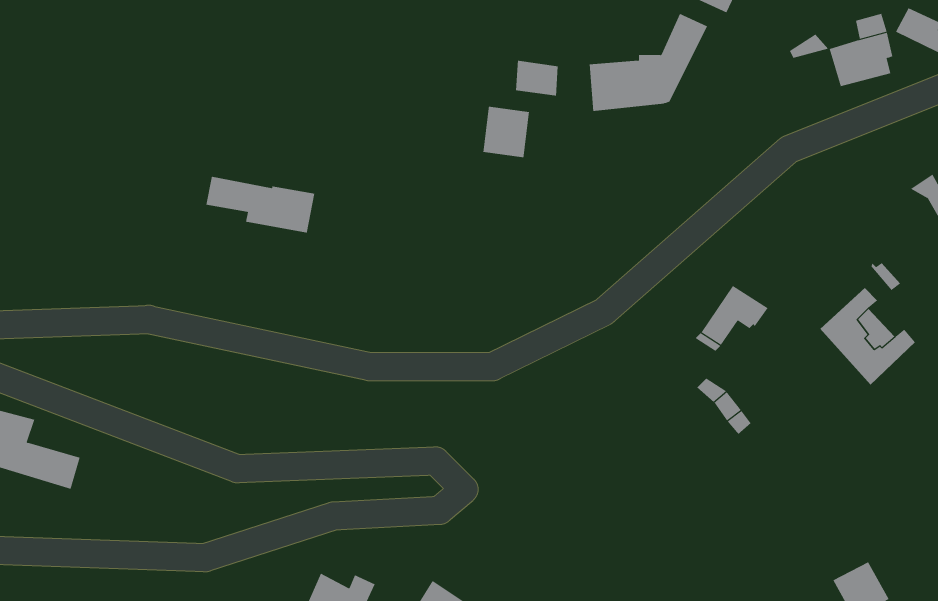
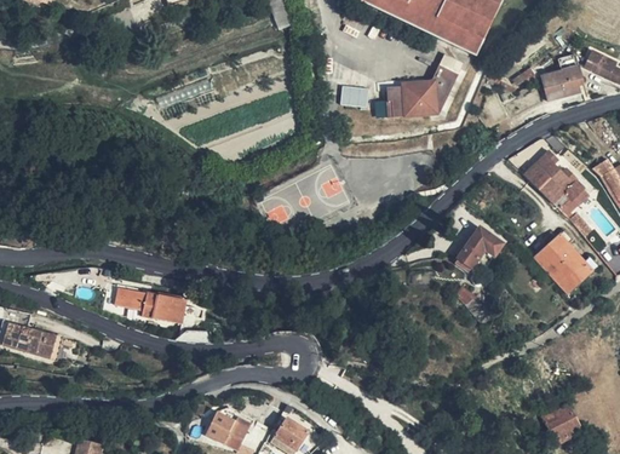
building: [483,106,530,158] -> none
building: none -> [524,148,589,211]
building: [206,176,315,233] -> [116,287,186,323]

